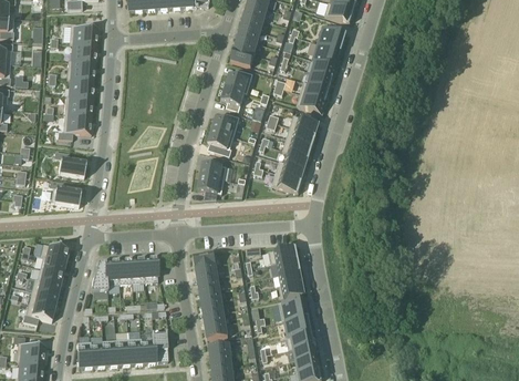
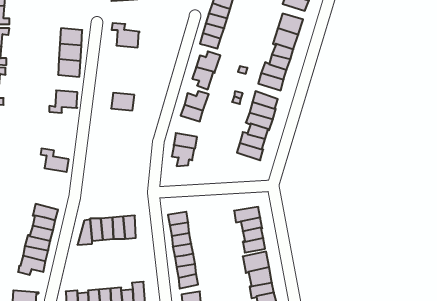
building: [65,17,97,44] -> [112,23,140,47]
building: [65,95,92,115] -> [111,93,134,110]
building: [53,151,85,176] -> none

